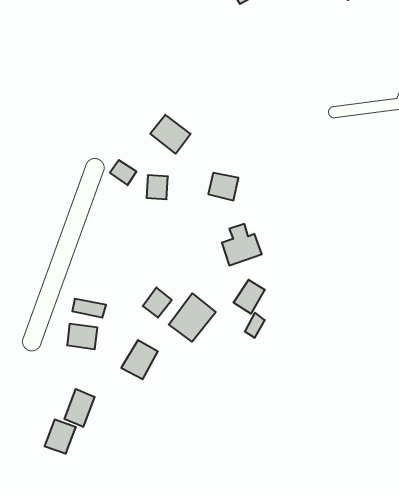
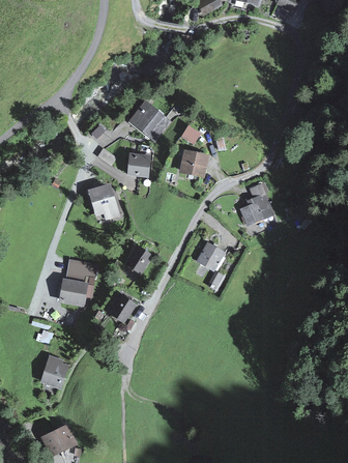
building: none -> [87,186,114,215]
building: [222,224,262,265] -> [240,190,273,224]
building: [169,293,216,342] -> none
building: [64,389,95,427] -> none

